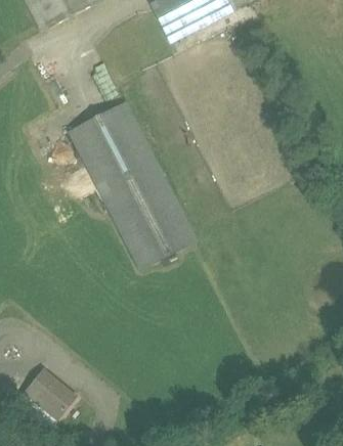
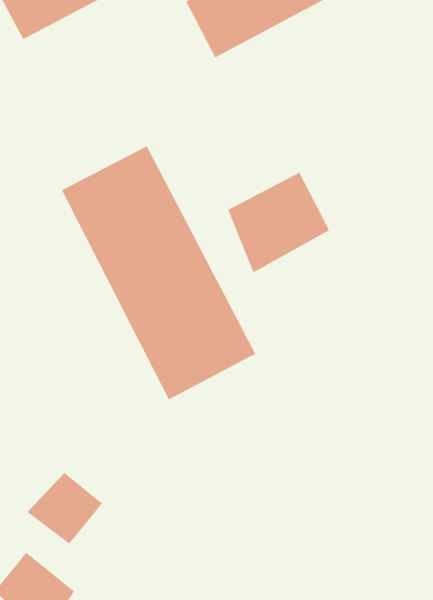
building: none -> [228,172,330,273]
building: none -> [27,472,103,545]

